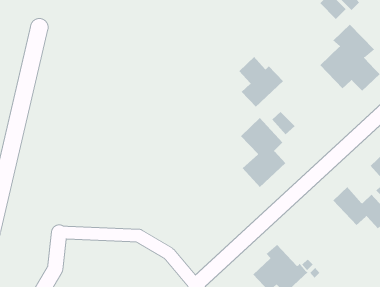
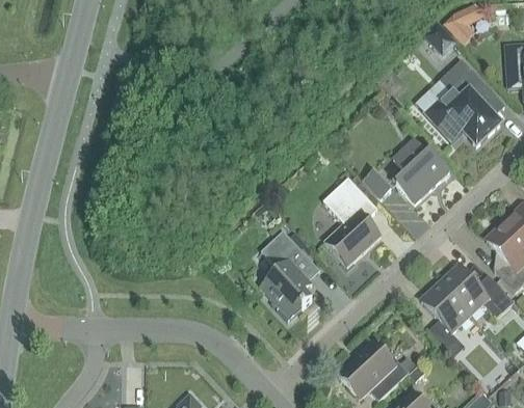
building: [238,56,284,107] -> [392,139,449,203]
building: none -> [260,230,312,321]
building: none -> [420,282,469,356]

